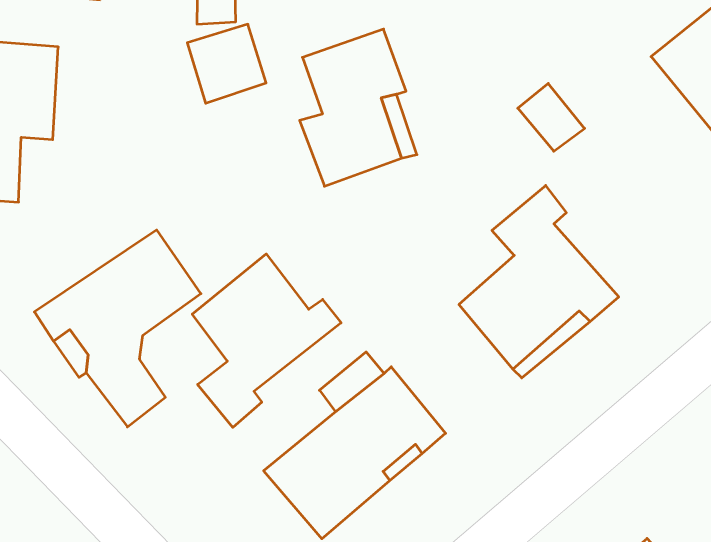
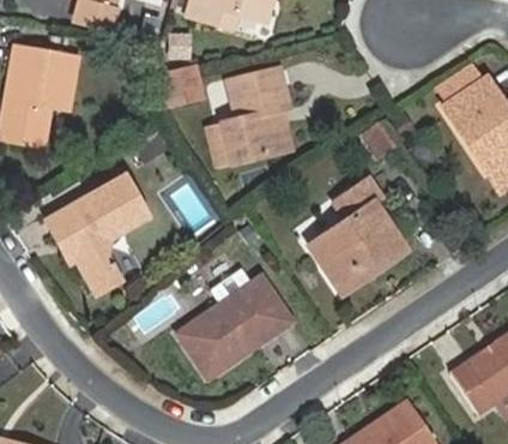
building: [192,254,341,427] -> none

